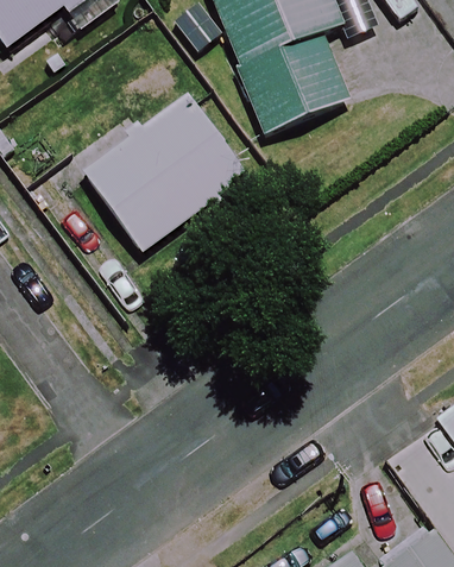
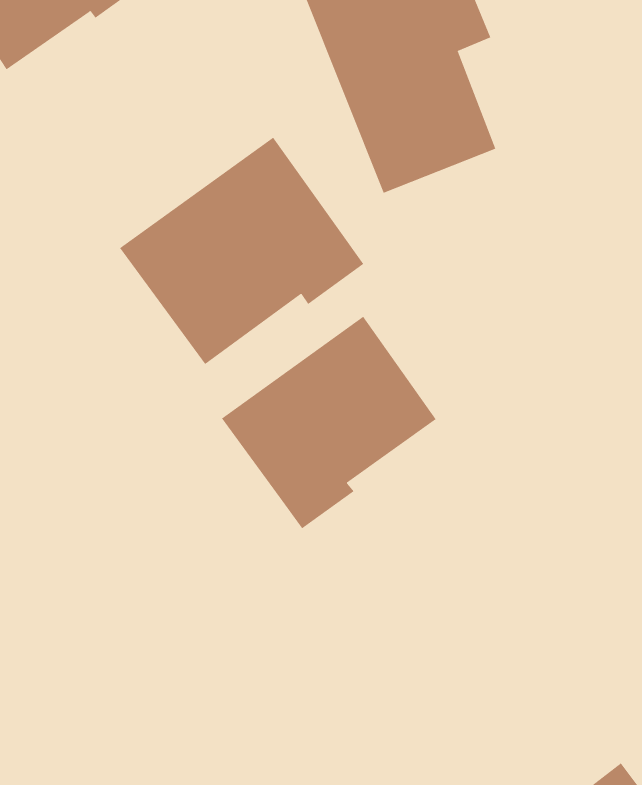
building: none -> [221,316,437,529]

